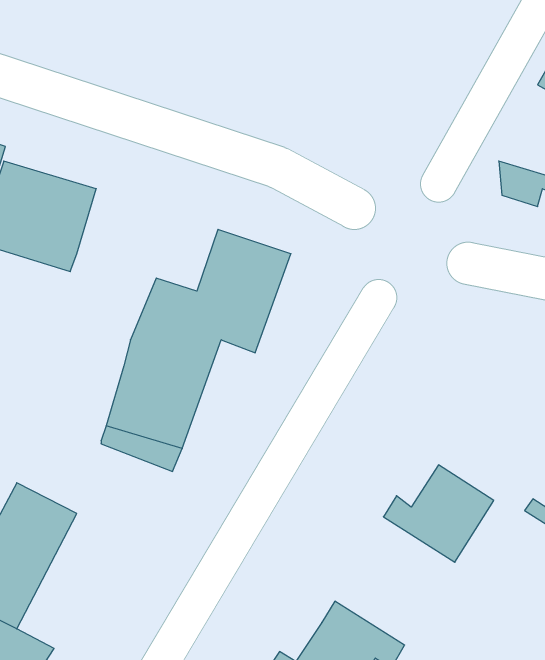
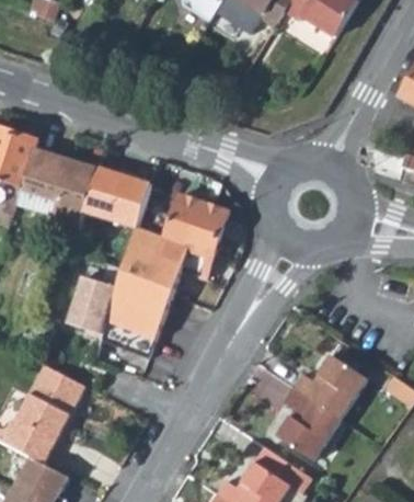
building: none -> [84,166,151,226]
building: none -> [68,274,116,335]
building: none -> [276,387,340,457]

